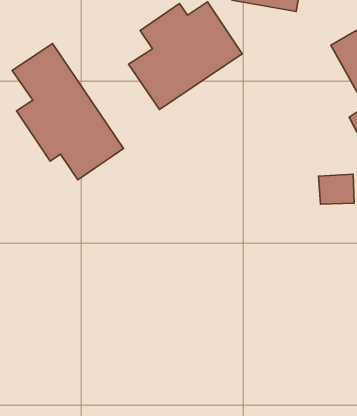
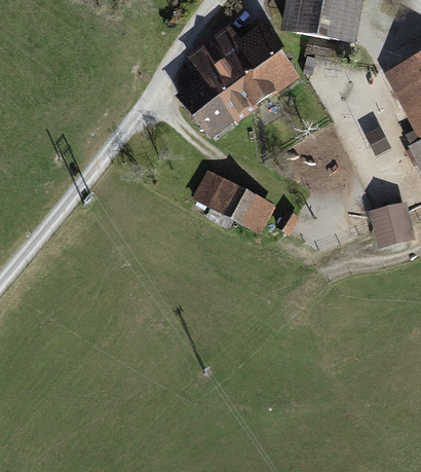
building: [12,43,123,180] -> none
building: none -> [208,179,273,231]

